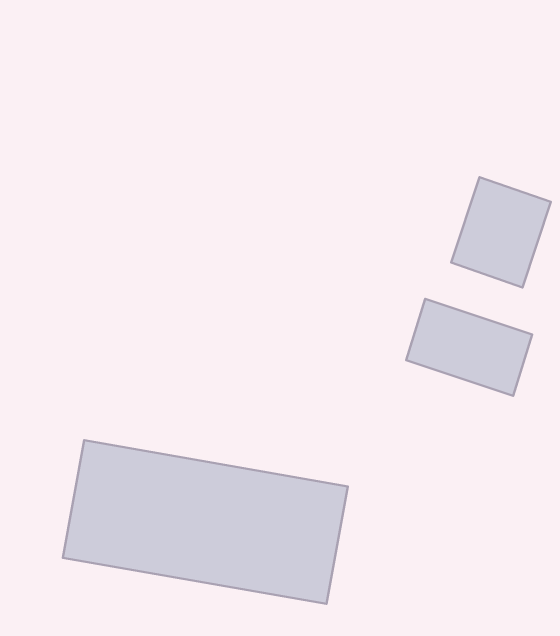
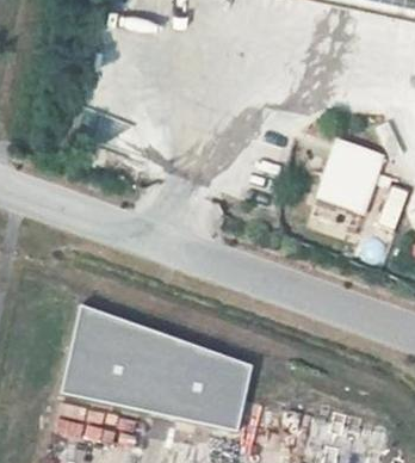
building: [406,299,532,396] -> none

